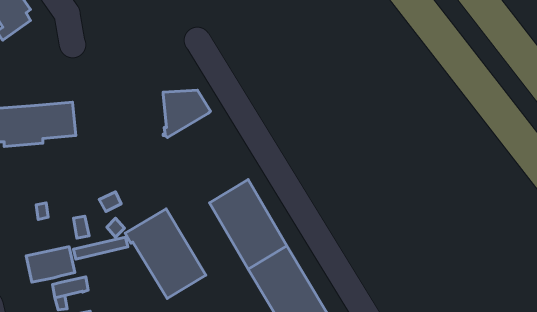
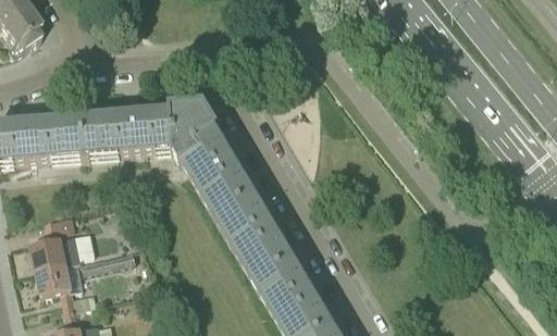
building: none -> [82,110,174,152]
building: [125,209,206,298] -> [175,128,255,216]
building: none -> [30,234,81,269]

